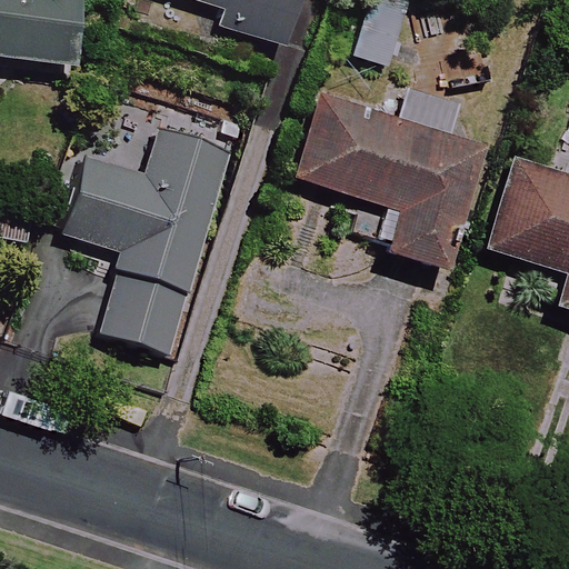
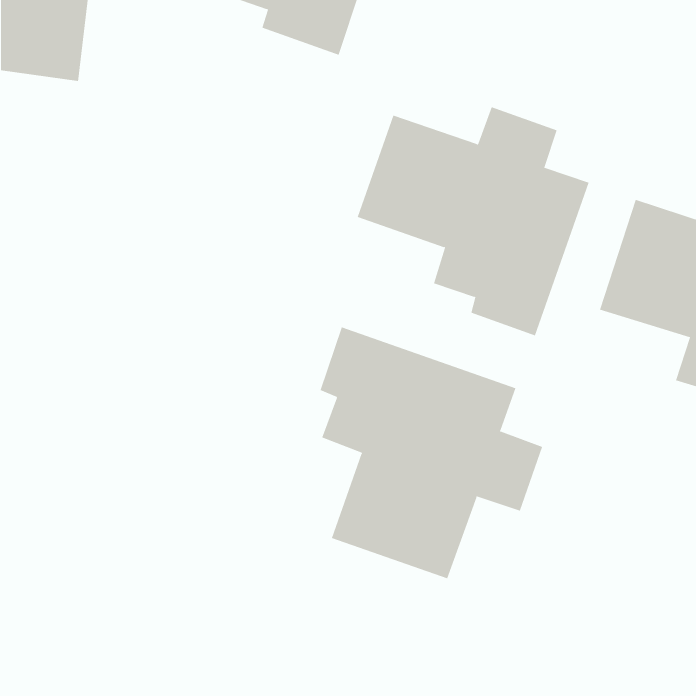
building: [64,127,231,351] -> none
building: none -> [320,326,543,579]

